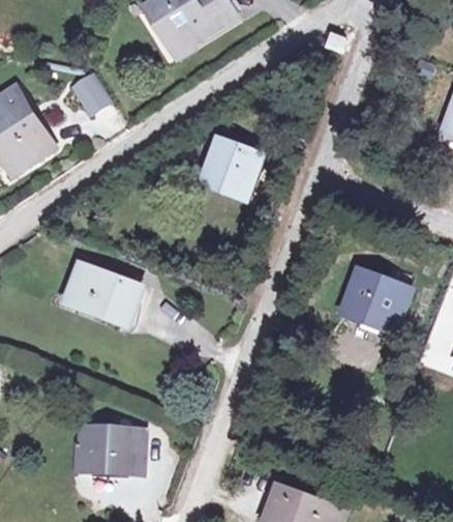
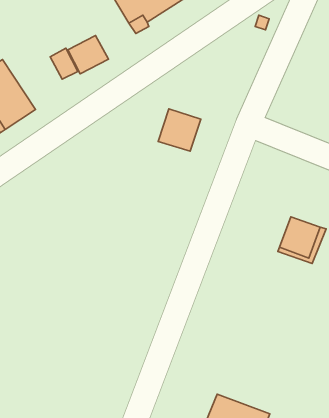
building: none -> [68,35,108,74]
building: [67,267,134,321] -> none
building: [70,435,135,477] -> none

